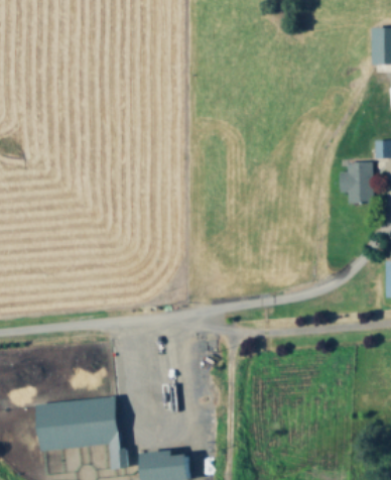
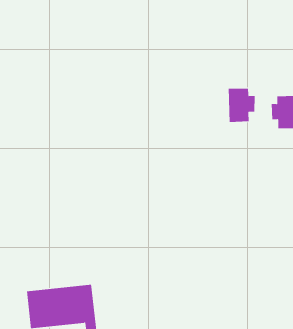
building: none -> [228,88,255,123]

